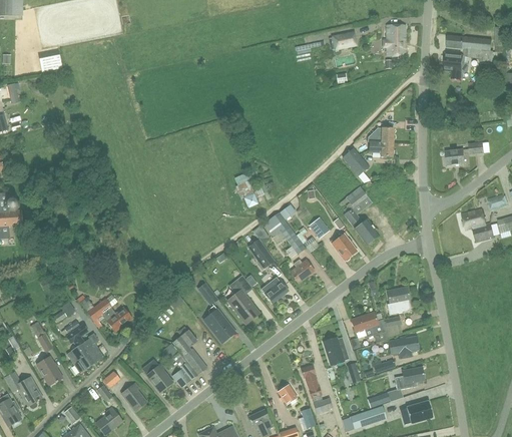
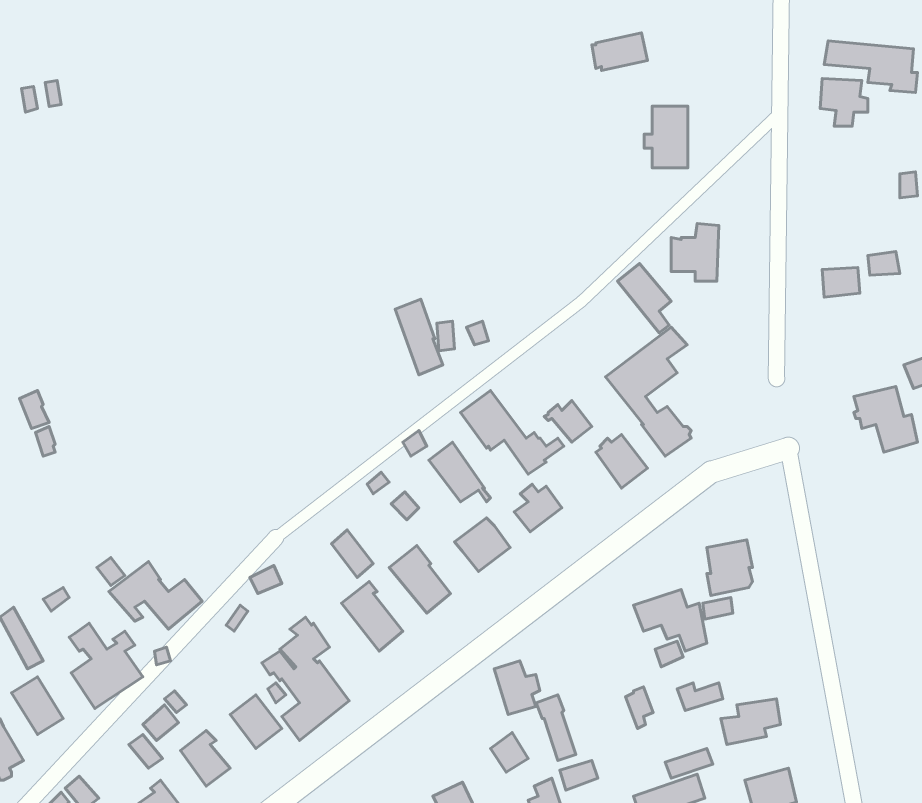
building: [383,24,405,55] -> [644,106,688,168]
building: [388,335,419,357] -> none
building: [323,337,346,364] -> [494,661,540,714]

